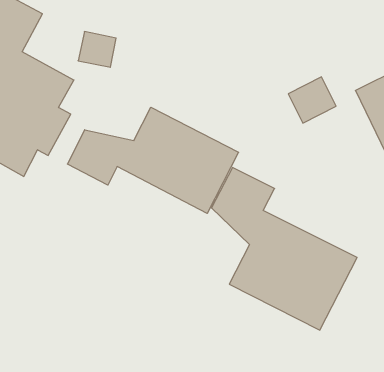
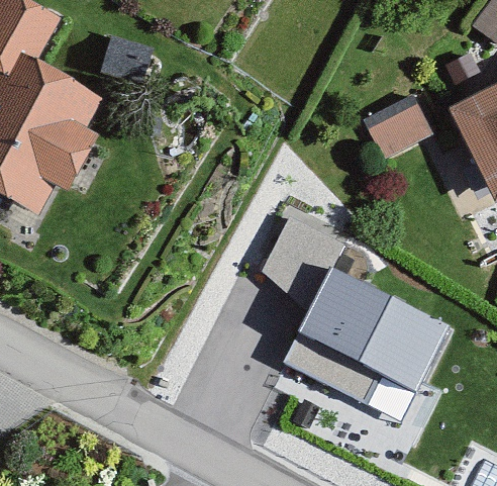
building: [67,107,239,213] -> none

